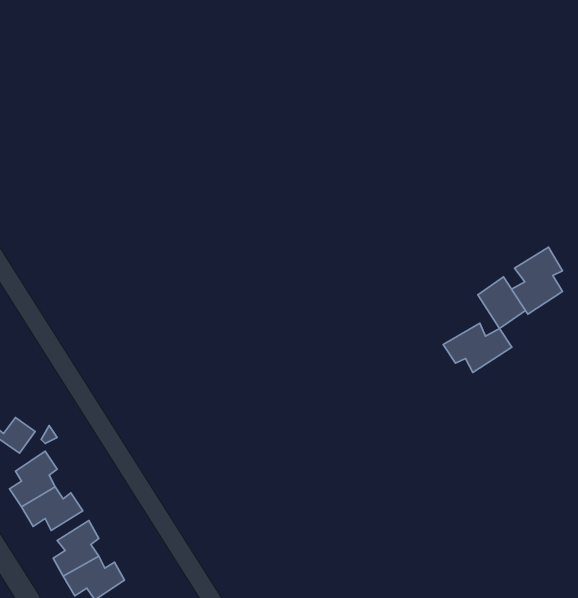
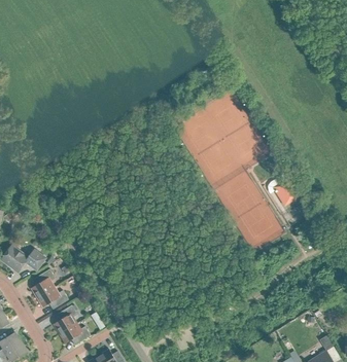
building: [512,247,562,314] -> none
building: [443,323,512,372] -> none

